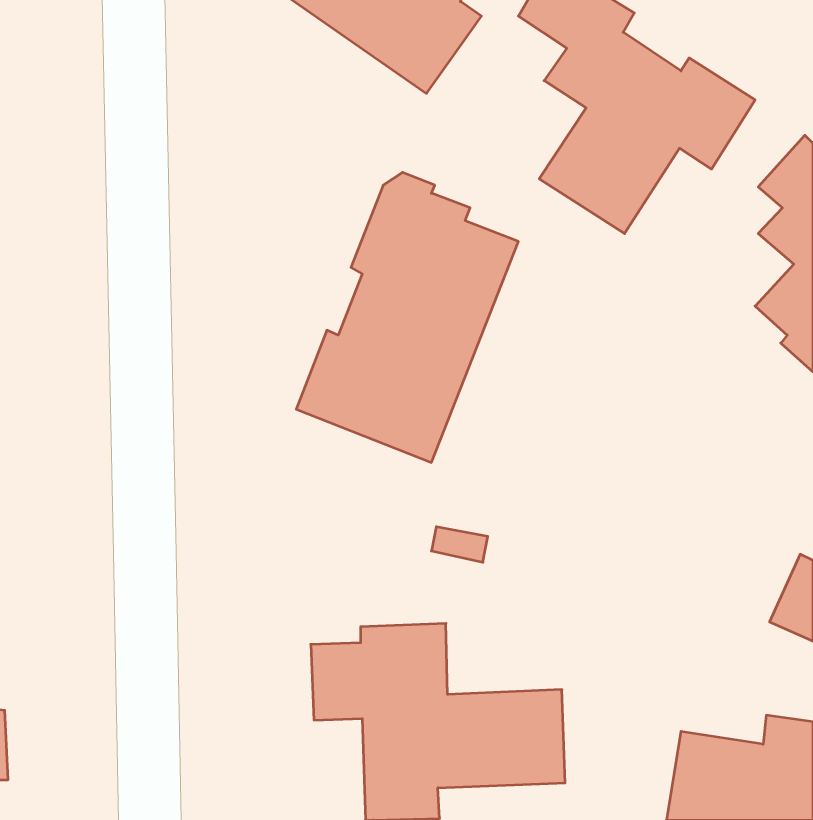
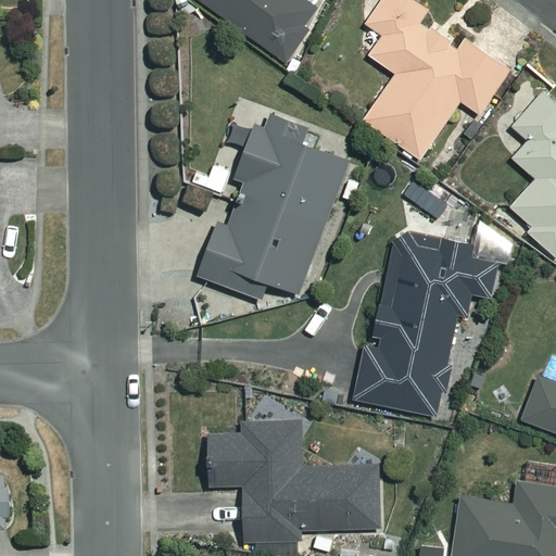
building: none -> [354,231,500,417]

